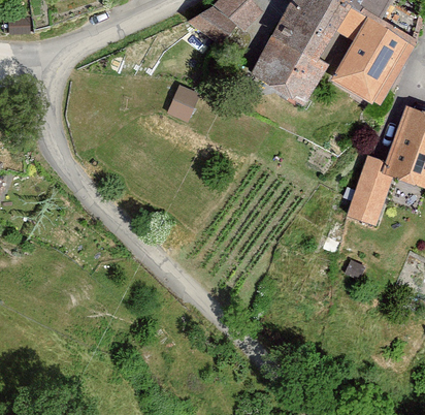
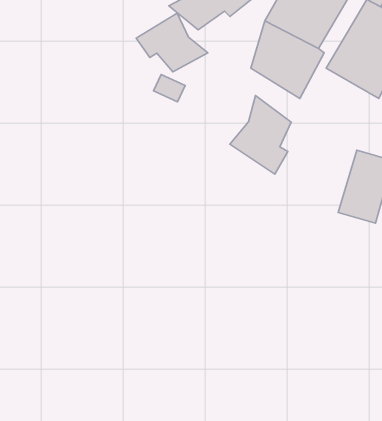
building: none -> [136,13,208,72]
building: none -> [230,95,291,174]

